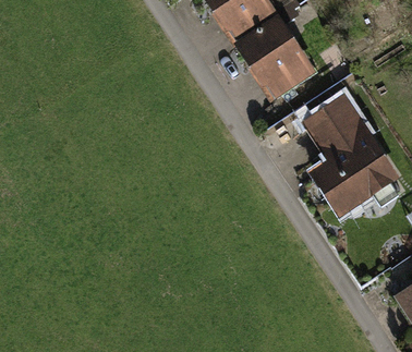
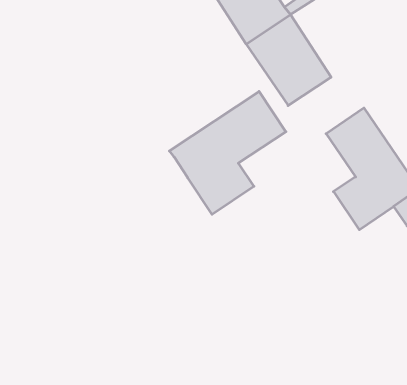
building: none -> [169,91,286,214]

